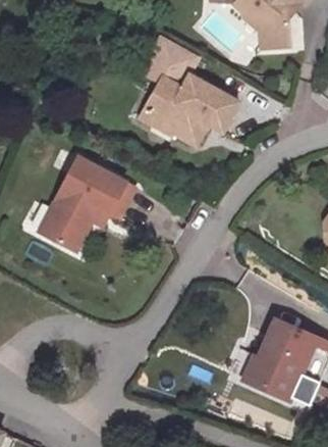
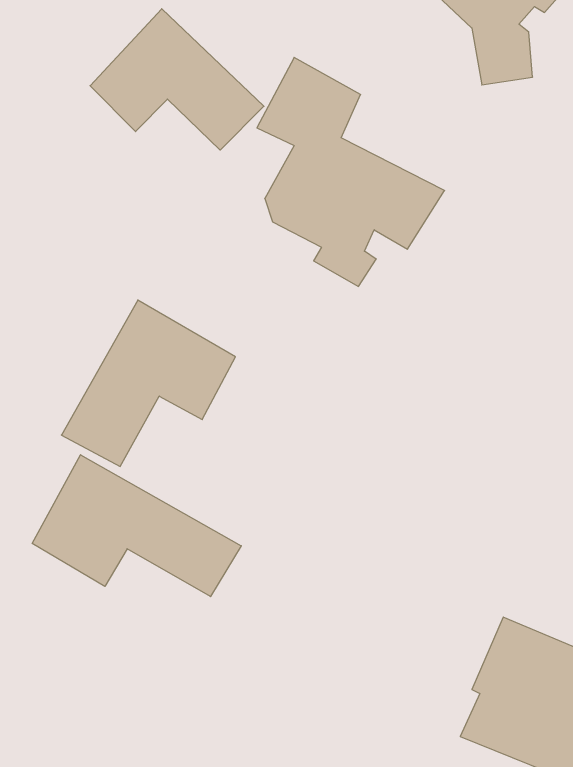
building: none -> [90,9,264,150]
building: none -> [32,455,241,597]

